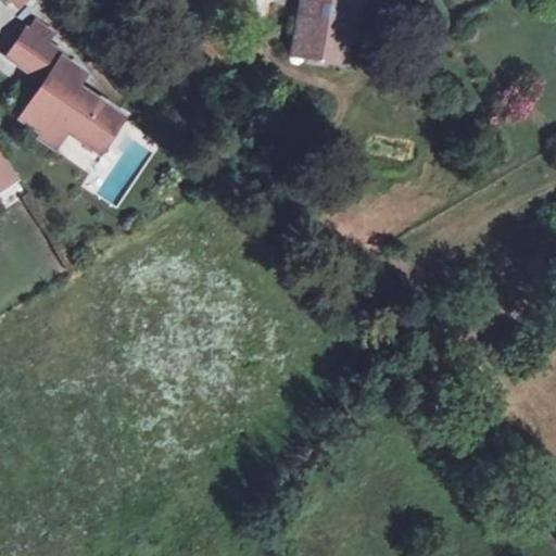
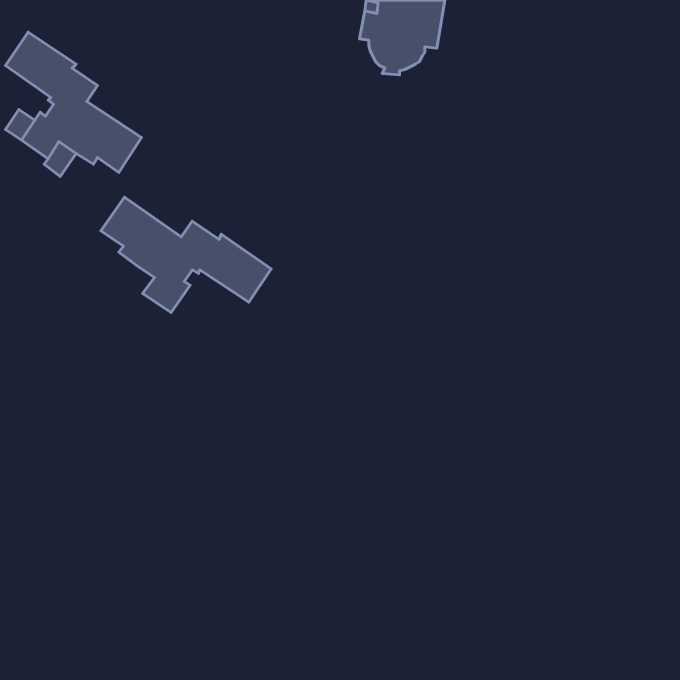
building: none -> [101,197,271,313]

